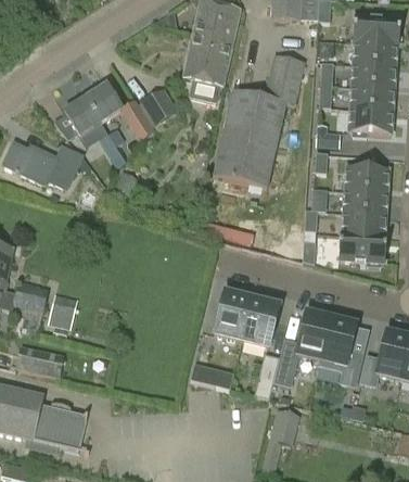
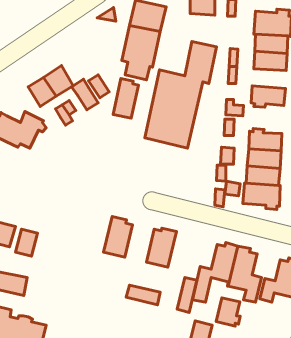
building: [349,88,393,113] -> none
building: none -> [113,79,139,118]
building: [242,295,279,347] -> [104,216,133,257]
building: none -> [216,298,240,326]

